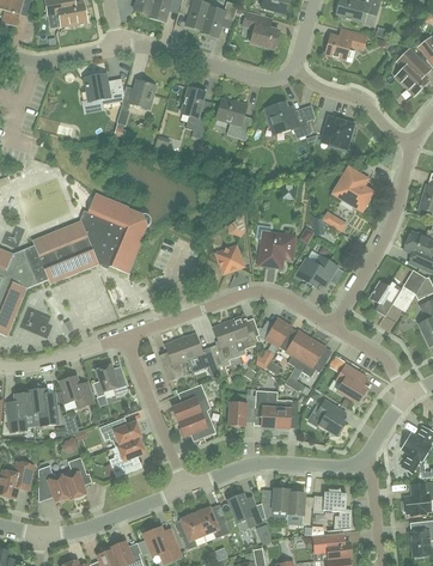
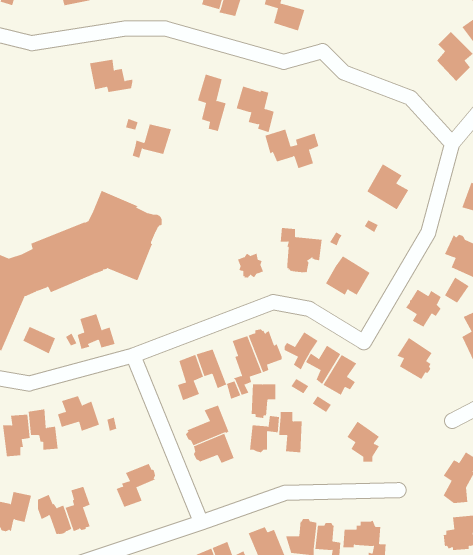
building: [324,32,366,60] -> none
building: [121,80,157,111] -> [132,124,172,158]
building: [266,102,315,138] -> [264,129,319,169]
building: [322,116,353,147] -> none
building: [93,364,128,396] -> [77,314,115,350]
building: [335,364,367,402] -> [396,337,432,380]
building: [275,400,298,431] -> [251,384,276,419]
building: [99,420,141,446] -> none

